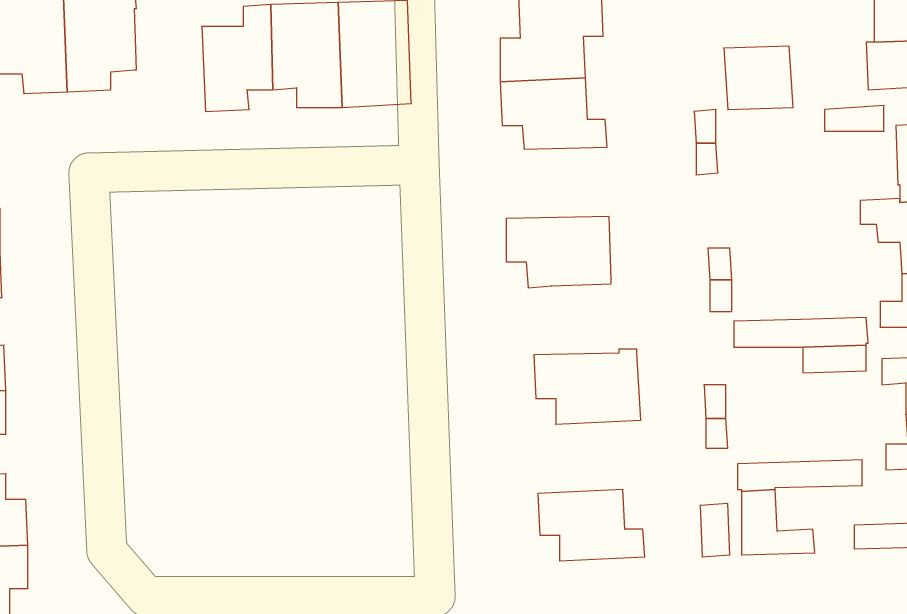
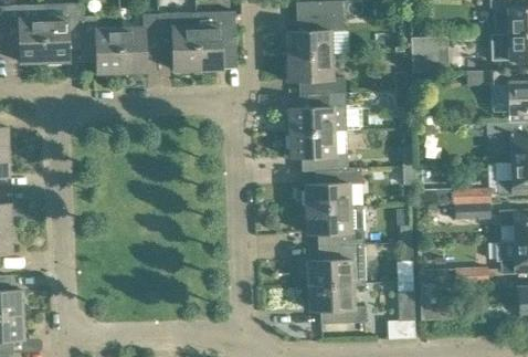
building: none -> [82,15,122,73]
building: none -> [288,93,362,133]
building: none -> [304,167,362,209]
building: none -> [307,245,366,286]

